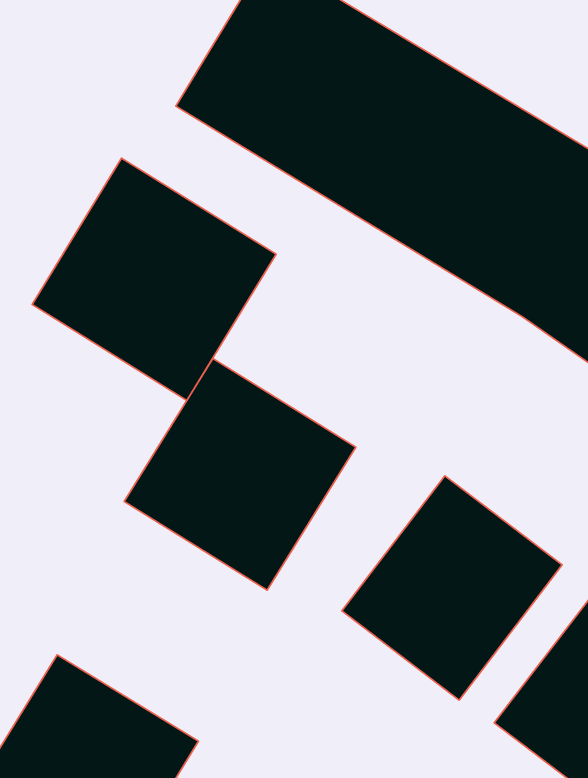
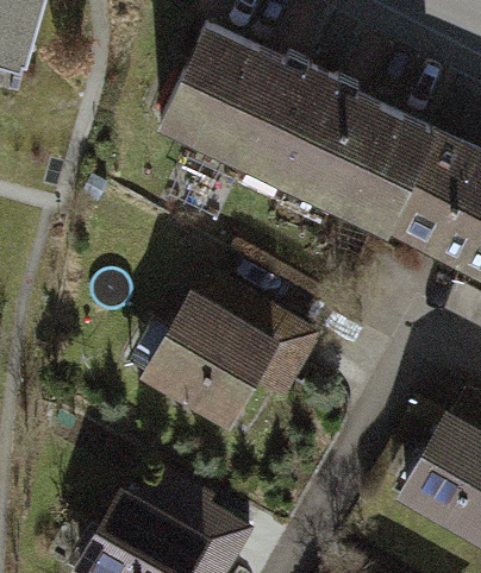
building: [32,158,276,400] -> none
building: [342,476,562,700] -> none

